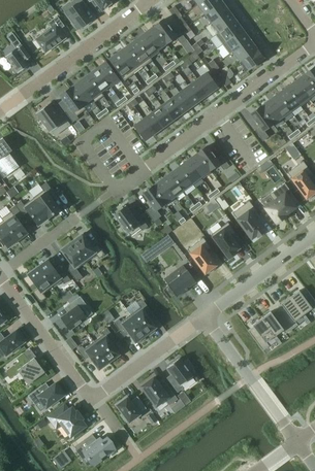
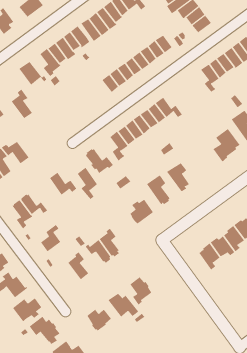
building: [34,181,60,217] -> [11,88,33,119]
building: [232,200,264,238] -> none
building: [62,241,87,280] -> [77,167,98,200]
building: [77,341,109,369] -> none

